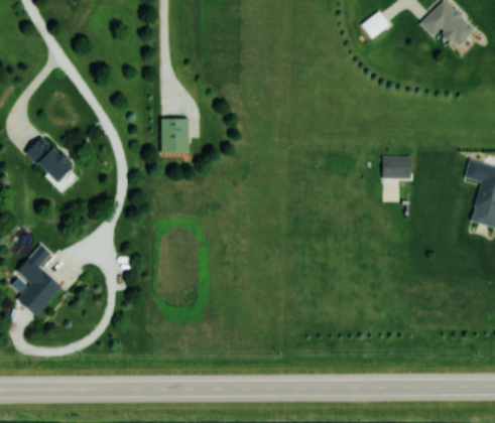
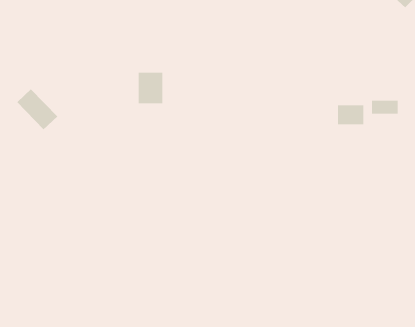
building: none -> [371,100,398,115]
building: [17,243,63,316] -> none

